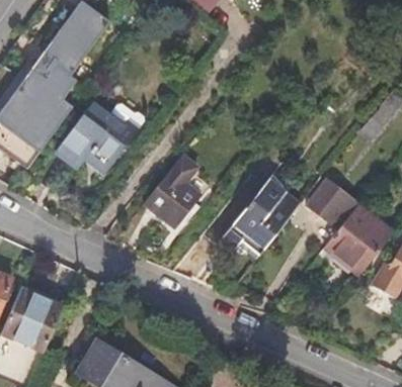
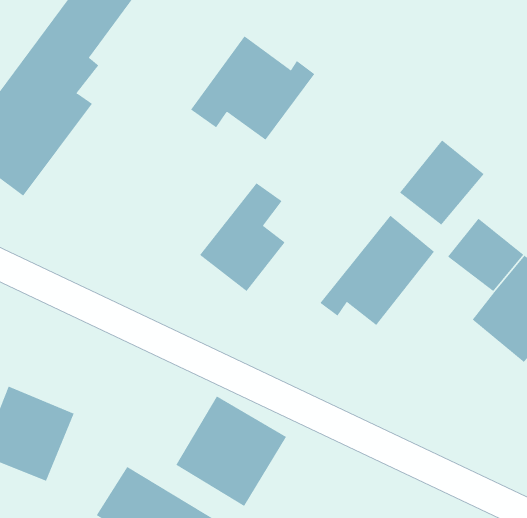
building: [58,101,140,170] -> [190,36,315,140]
building: none -> [399,140,484,225]
building: none -> [176,396,287,507]

